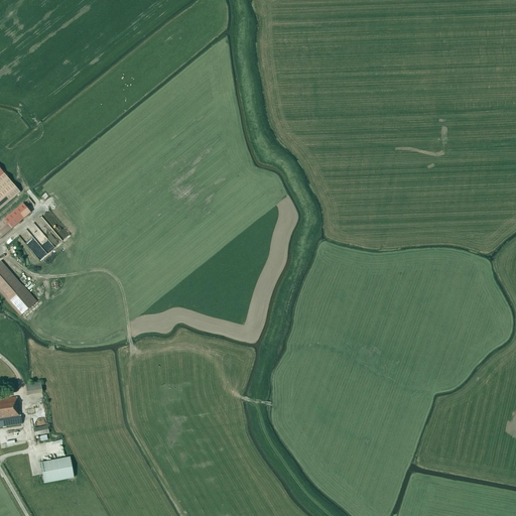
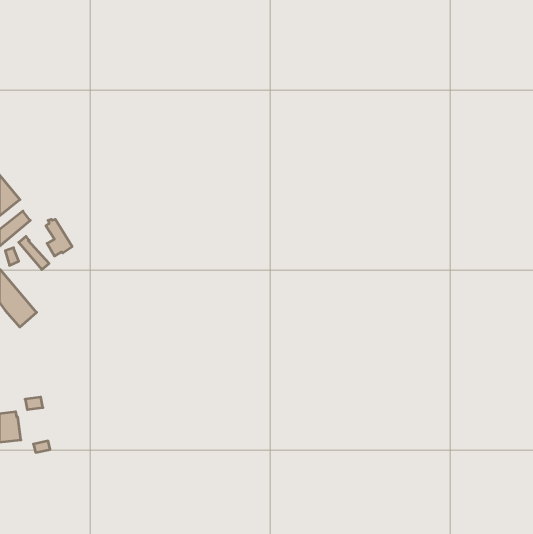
building: [38,449,72,476] -> none

